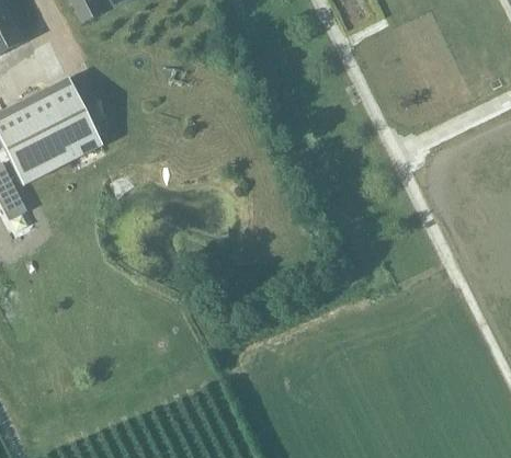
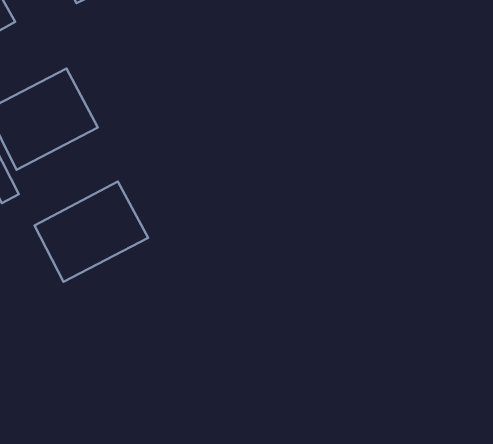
building: none -> [35,182,148,282]

